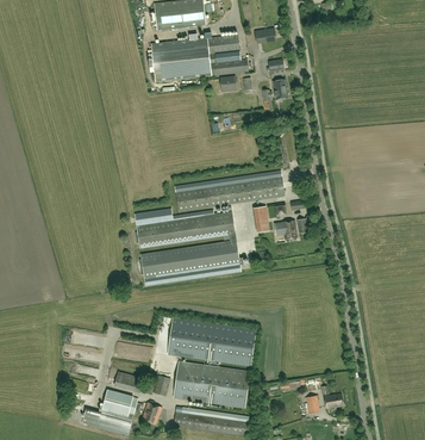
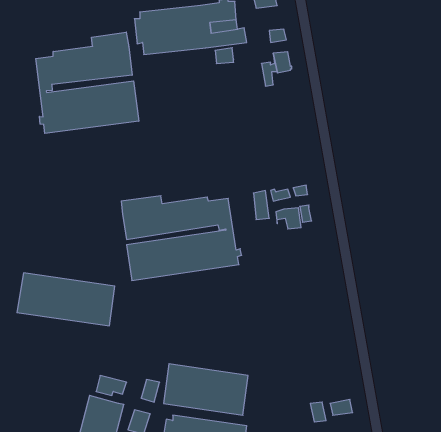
building: none -> [36,32,139,133]
building: [174,171,283,211] -> none
building: [167,317,255,365] -> [17,273,115,326]

